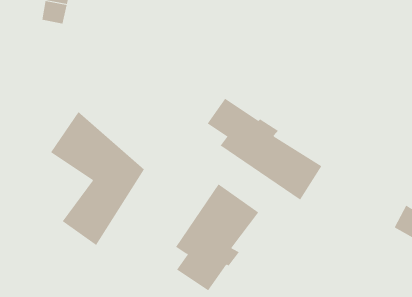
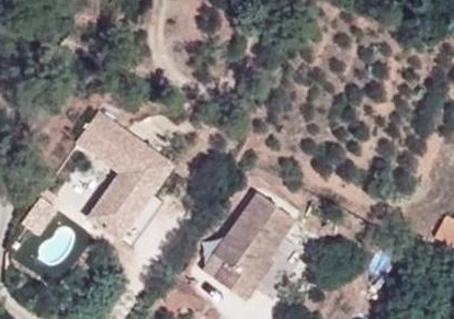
building: [207,98,322,201] -> none

